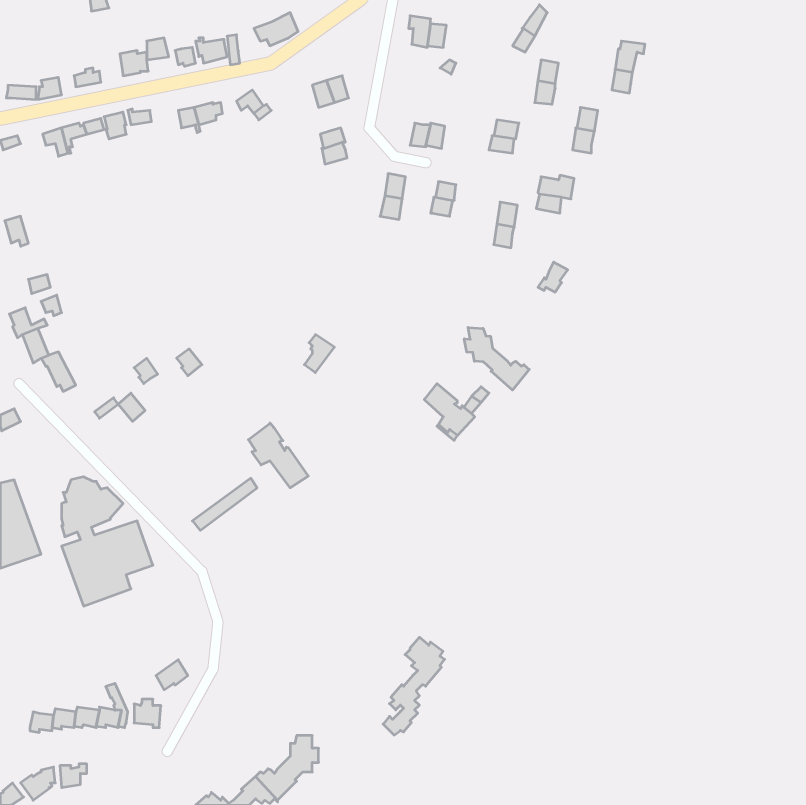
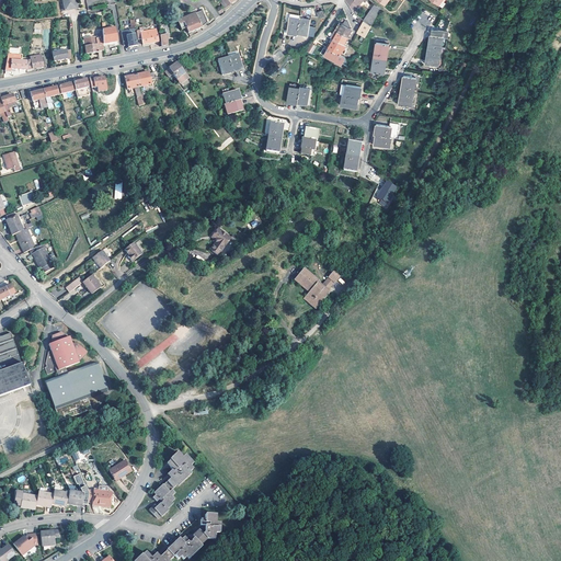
building: none -> [321,21,352,61]
building: [464,327,529,390] -> none
building: [248,423,308,488] -> none
building: [383,637,445,735] -> [150,449,193,517]

